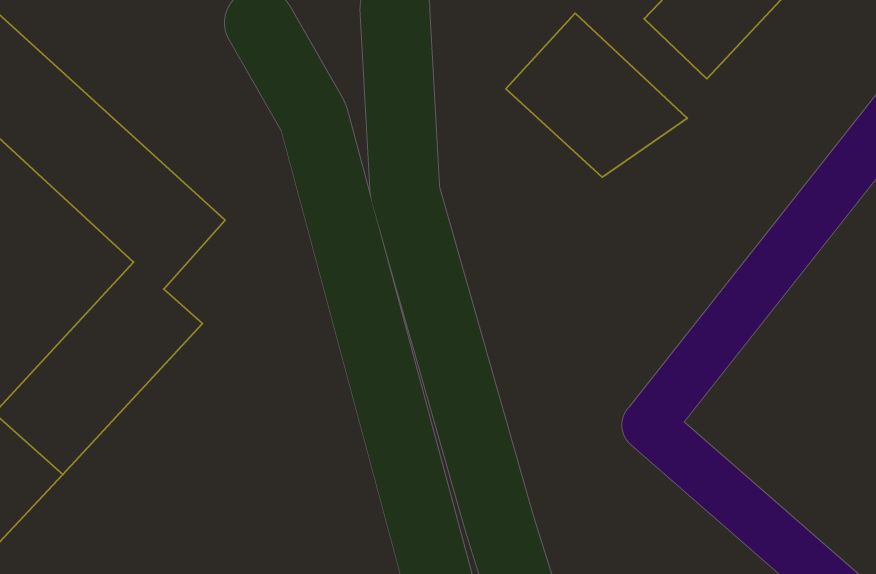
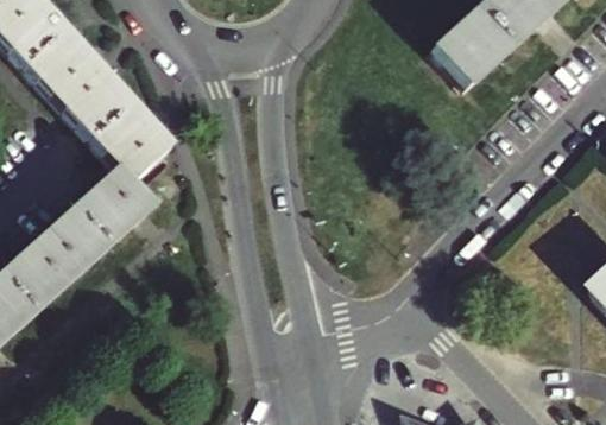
building: [506,13,687,177] -> none

